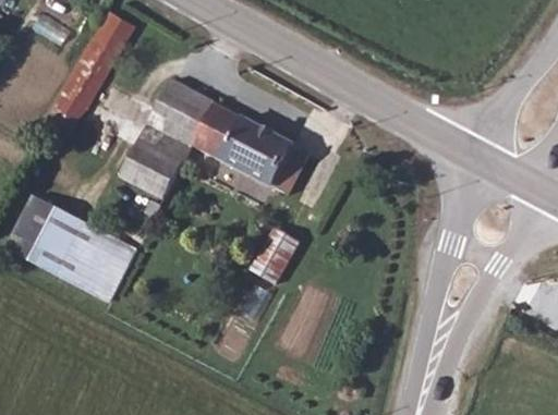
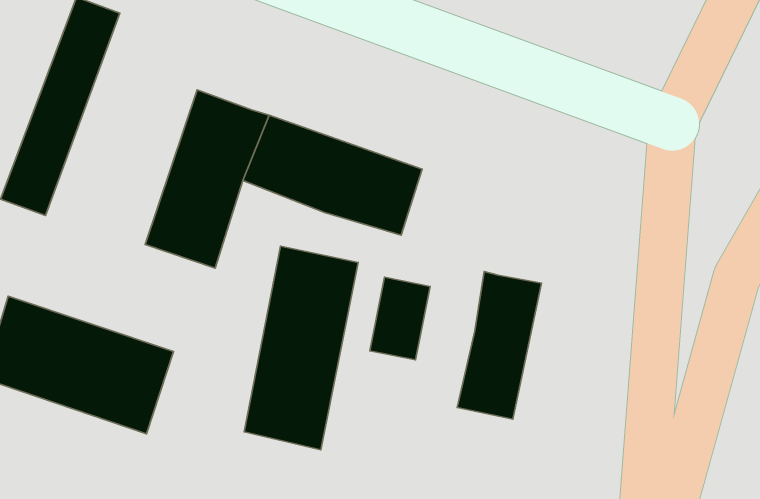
building: none -> [244,246,358,450]
building: none -> [457,272,542,419]

